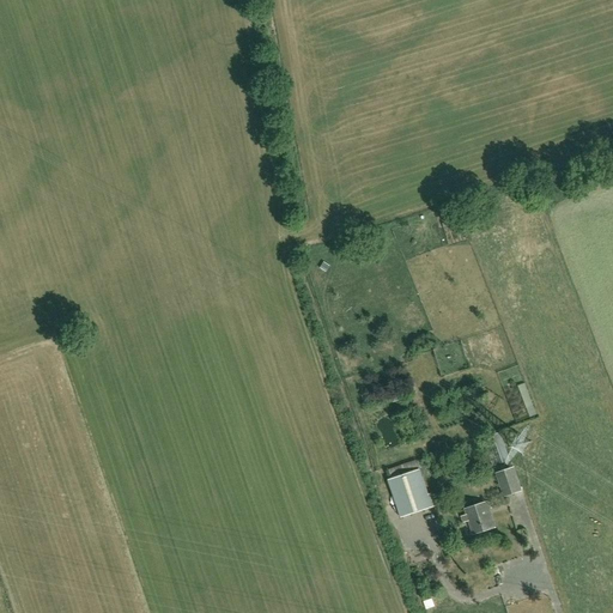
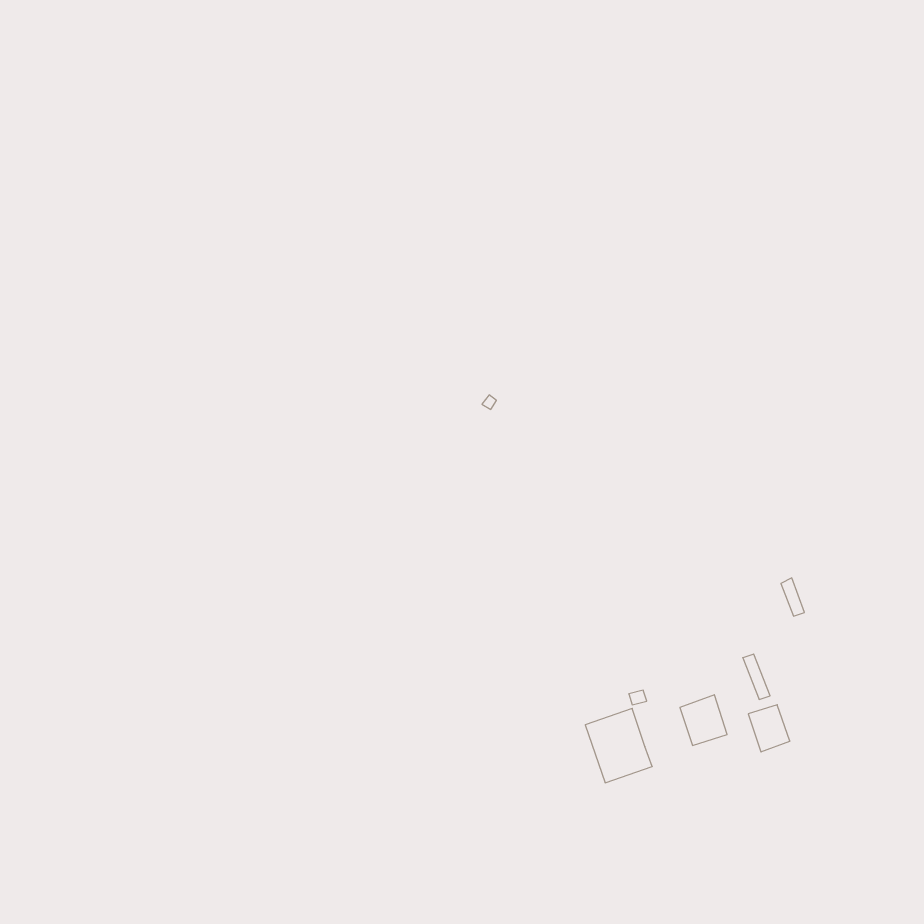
building: [463,500,494,534] -> [680,695,727,745]

